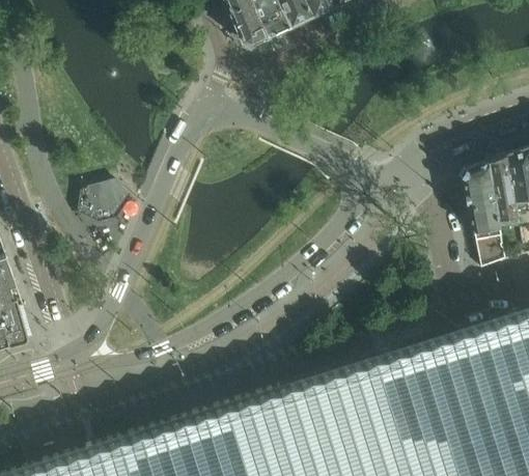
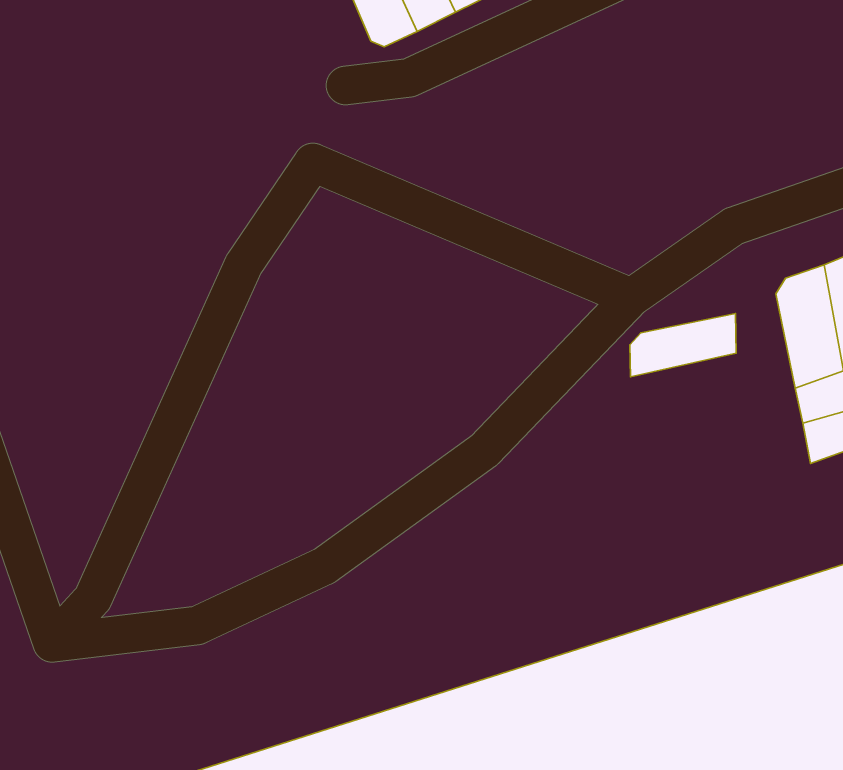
building: [78,183,130,225] -> none
building: none -> [630,313,736,377]

